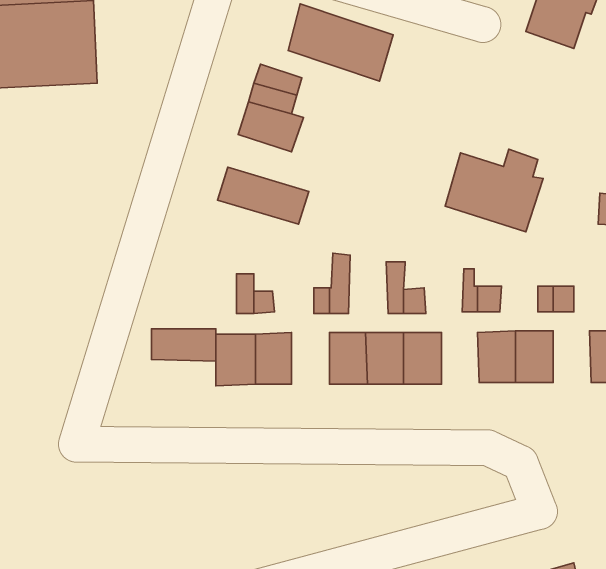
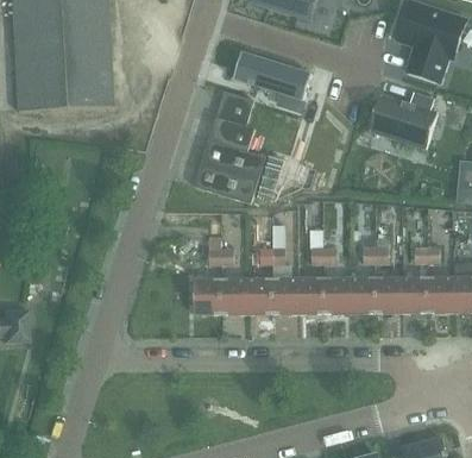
building: none -> [202,140,265,180]
building: [445,149,543,232] -> [371,90,439,148]
building: [152,329,216,361] -> none
building: none -> [427,276,453,312]
building: none -> [246,277,272,313]
building: none -> [350,277,376,313]

